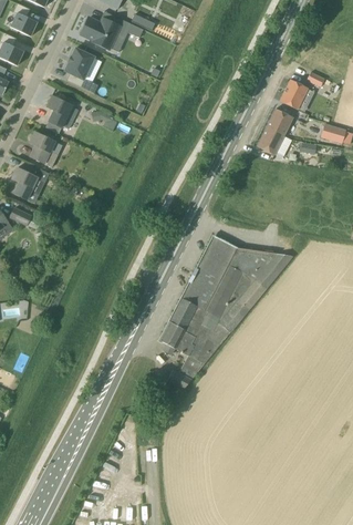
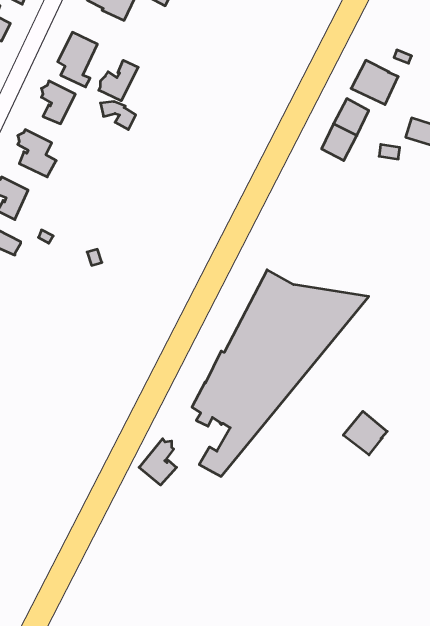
building: none -> [99,60,138,101]
building: none -> [343,411,387,455]
building: none -> [139,439,177,485]

